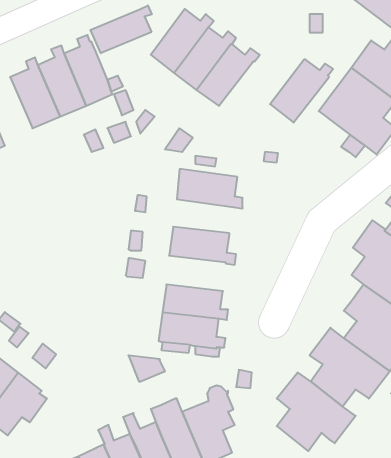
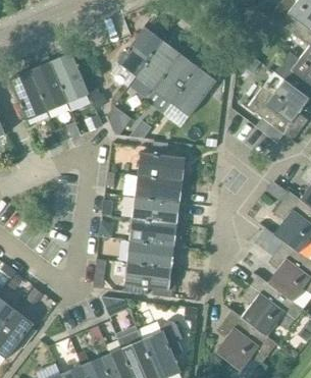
building: [90,5,152,53] -> none
building: [270,60,333,123] -> [170,68,219,117]
building: none -> [135,175,186,204]
building: none -> [129,219,180,248]

